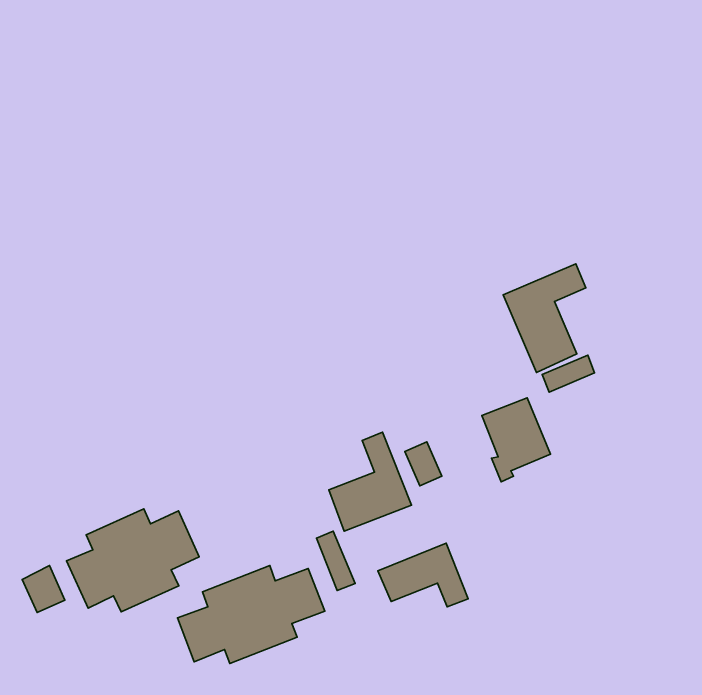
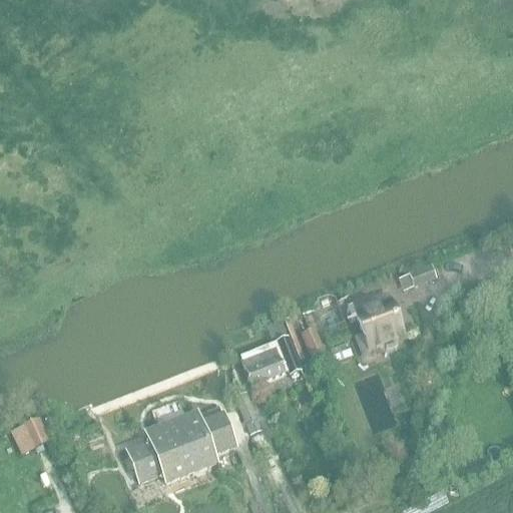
building: [503,264,586,372] -> none
building: [67,509,199,612] -> none
building: [378,543,468,607] -> none

